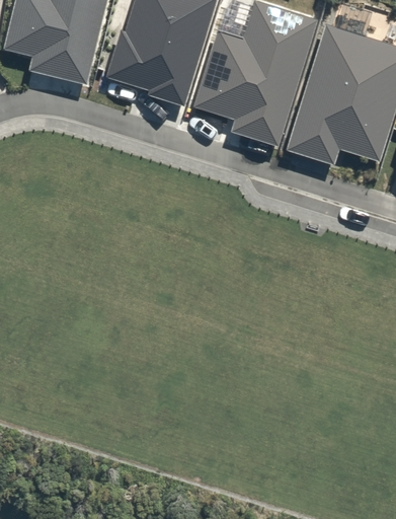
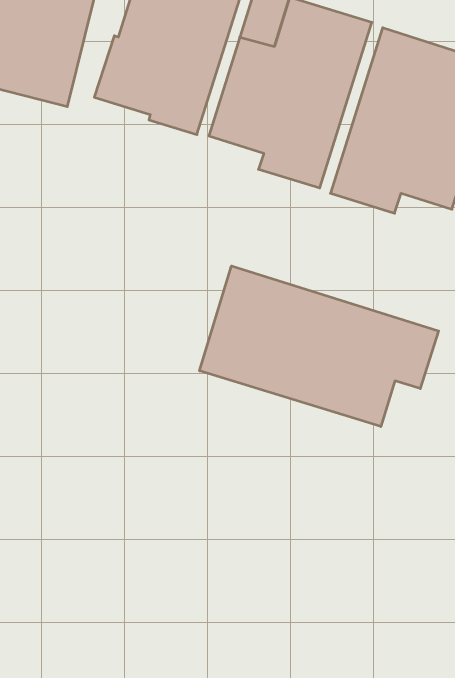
building: none -> [200,266,439,427]

